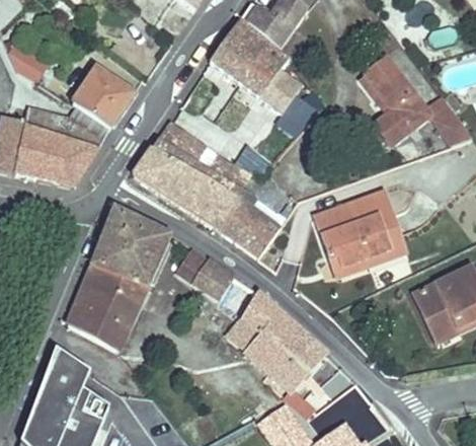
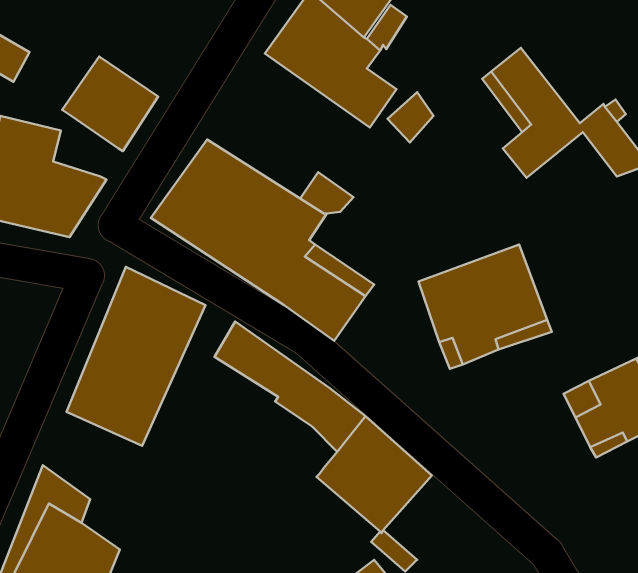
building: [64,104,108,146] -> none
building: [67,307,125,350] -> none

